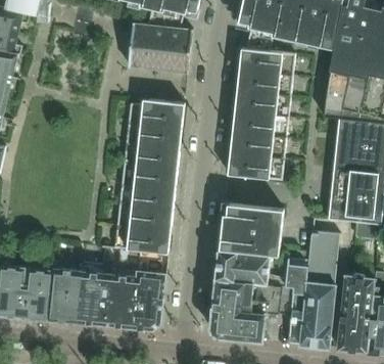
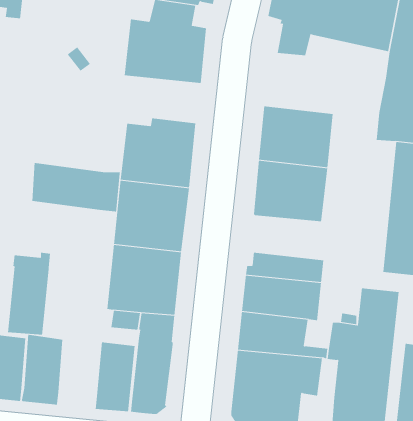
building: [236,48,294,96] -> none
building: none -> [32,162,121,212]
building: [77,260,110,324] -> [7,252,51,335]

